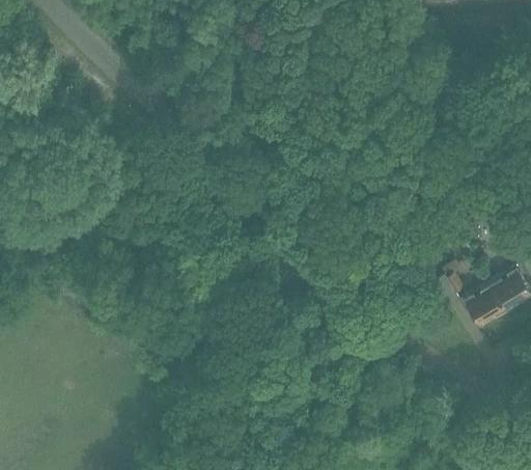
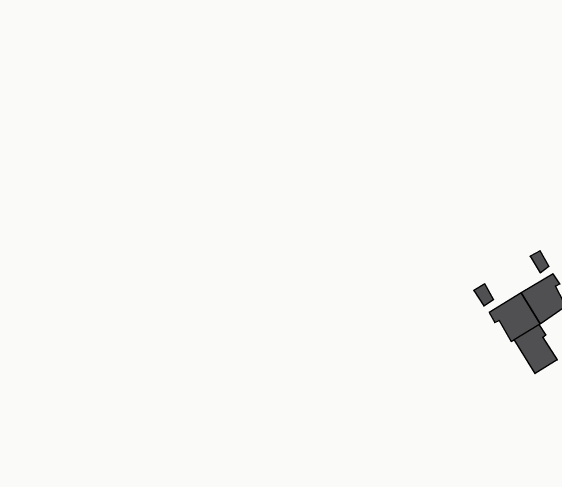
building: none -> [514,325,557,374]

